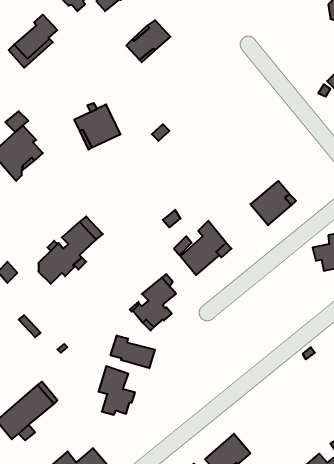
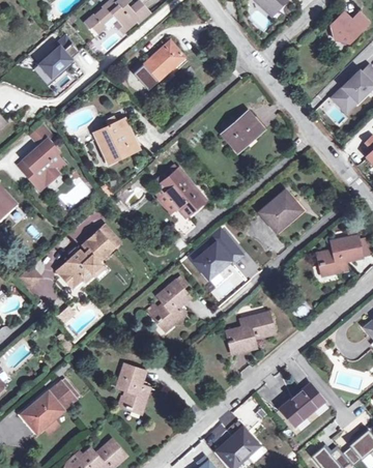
building: none -> [223,112,261,150]
building: none -> [160,169,205,216]
building: none -> [226,313,274,350]
building: [111,335,155,368] -> none
building: none -> [280,383,324,426]

